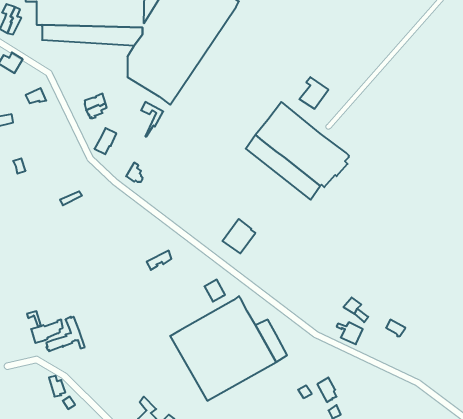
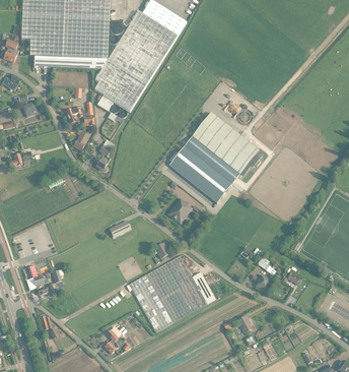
building: none -> [168,146,231,203]

